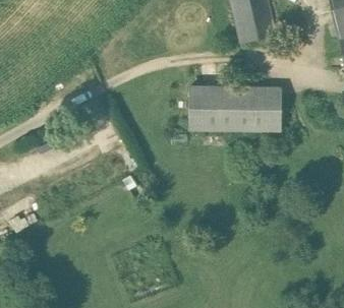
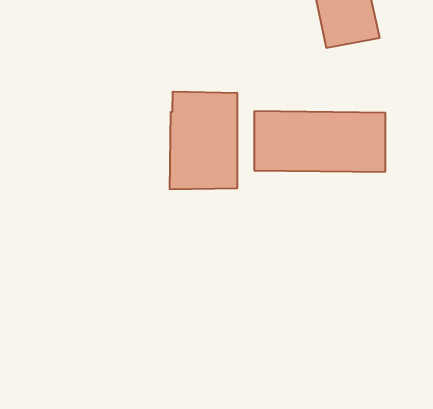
building: none -> [170,92,237,189]

